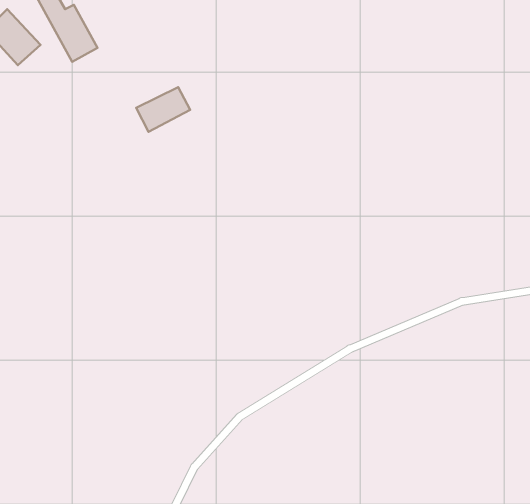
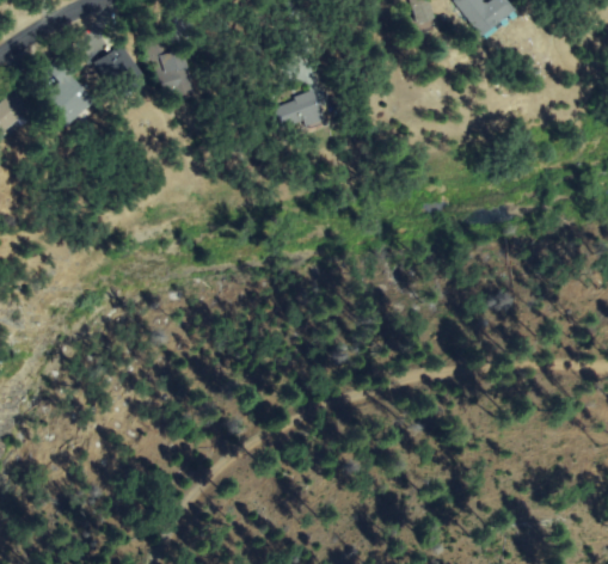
building: [136,87,190,132] -> [275,92,321,127]

